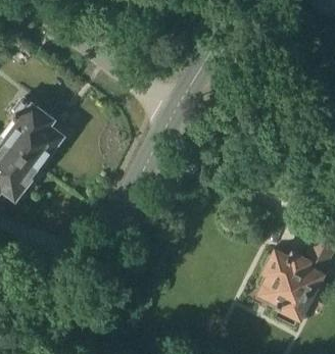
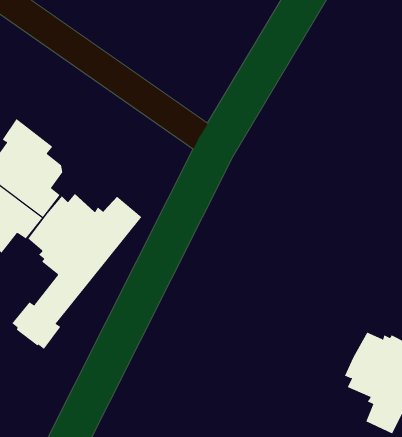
building: none -> [12,193,142,350]

